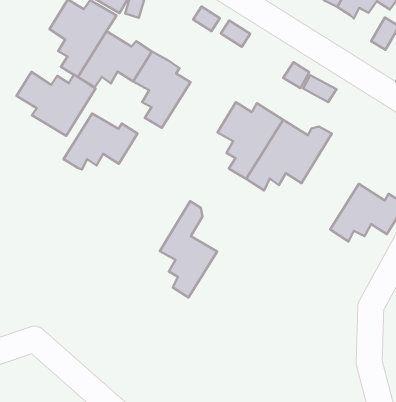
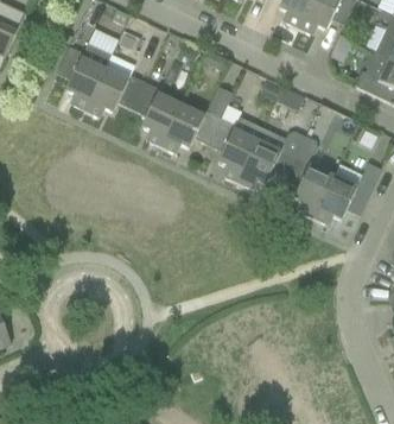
building: [16,72,96,136] -> none
building: [64,113,138,170] -> [160,103,221,152]
building: [160,201,217,297] -> [284,134,332,216]

